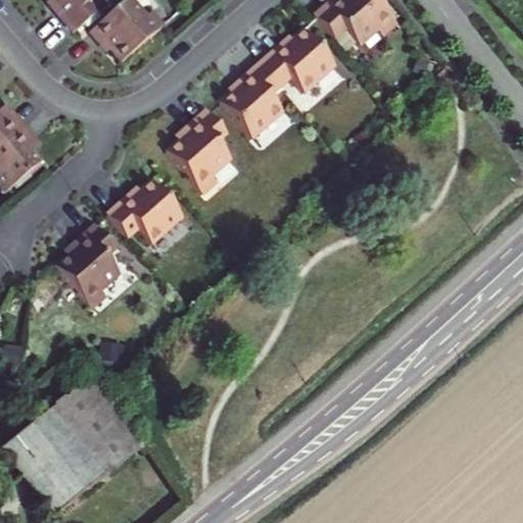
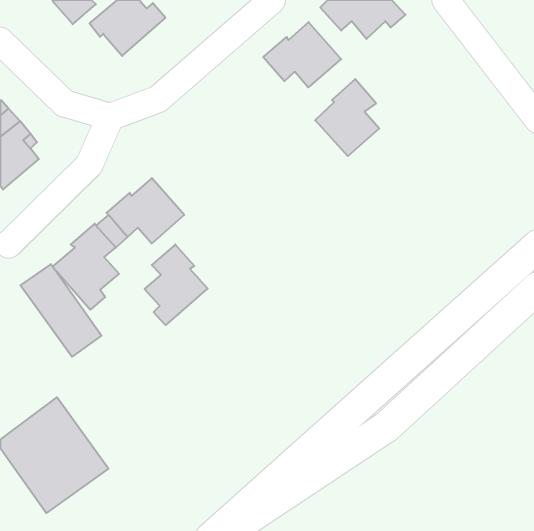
building: [221,62,283,137] -> [315,79,379,156]
building: [167,109,231,192] -> none
building: none -> [145,244,208,325]
building: [59,372,138,462] -> [20,264,101,357]

